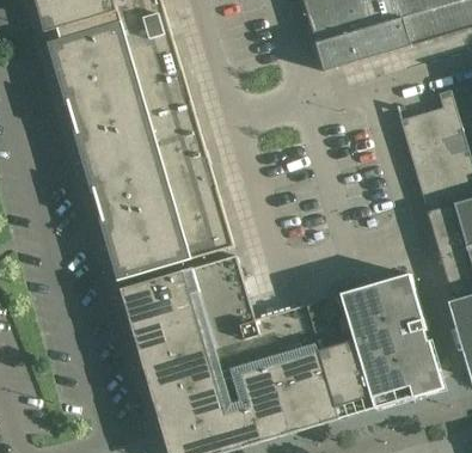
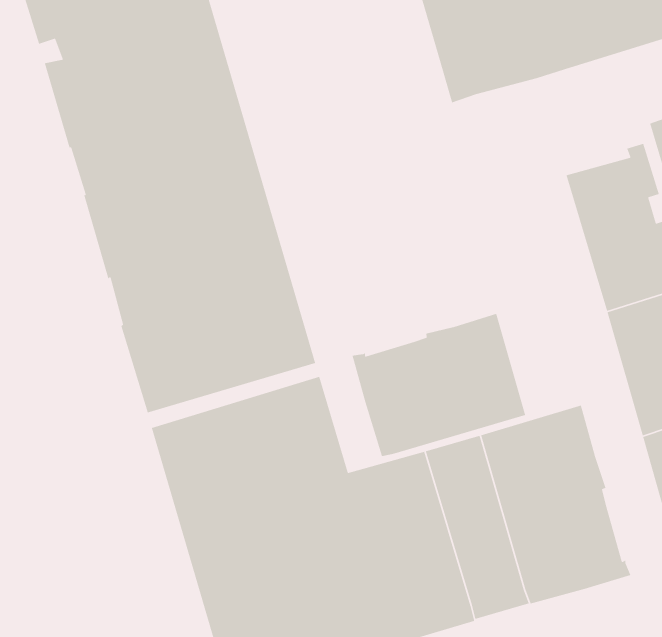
building: none -> [351,313,526,462]

